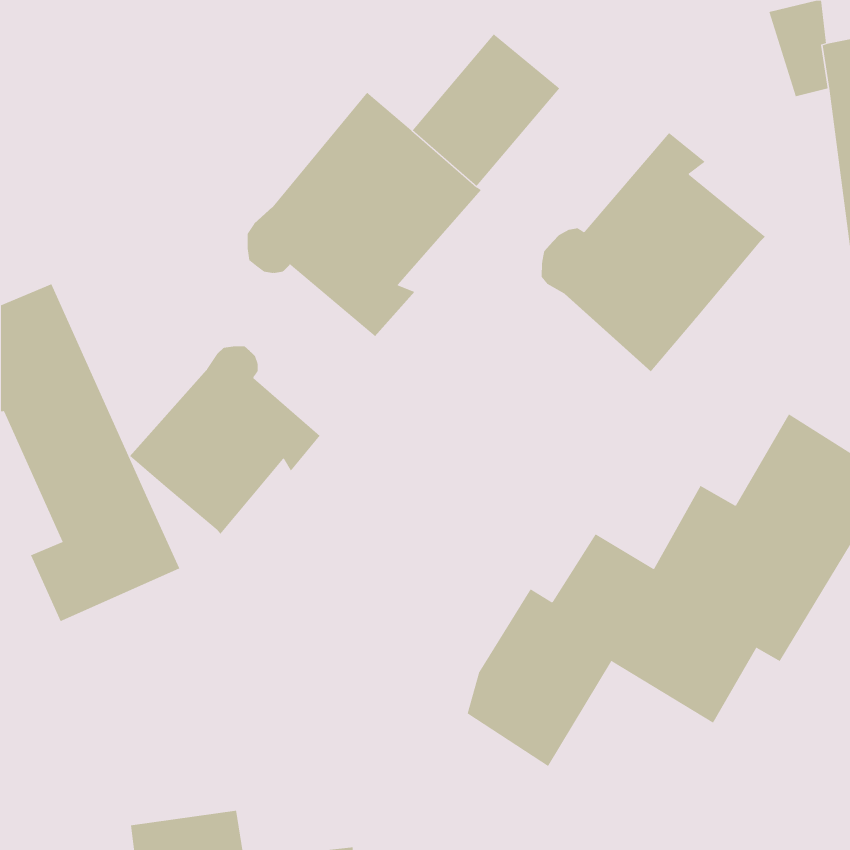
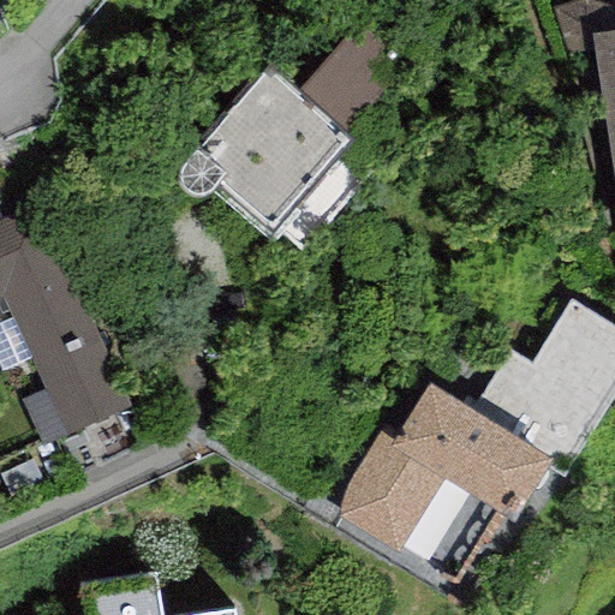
building: [541,132,766,372] -> none
building: [129,346,320,534] -> none

